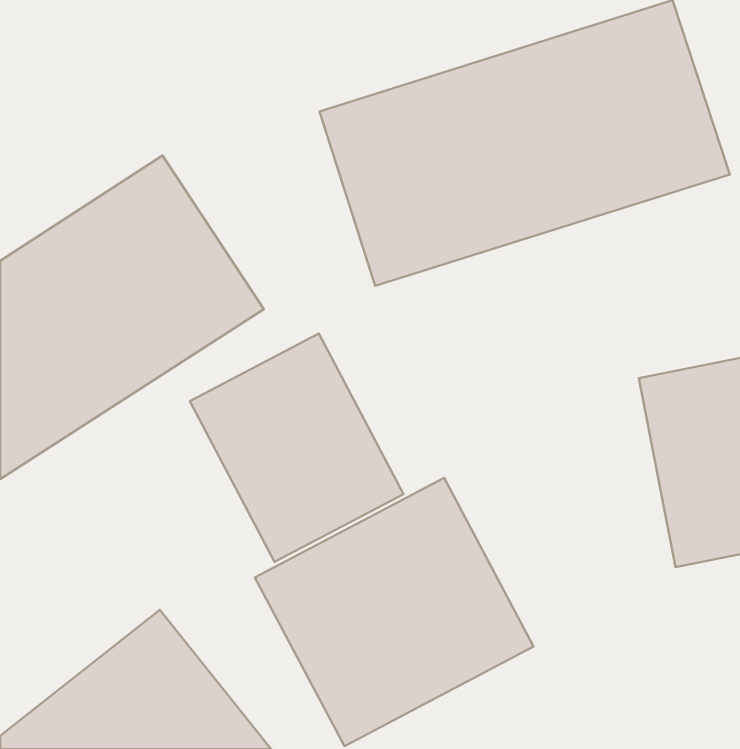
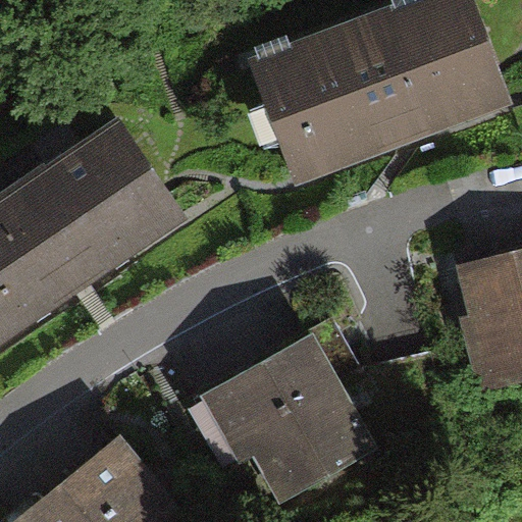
building: [190,334,403,562] -> none

